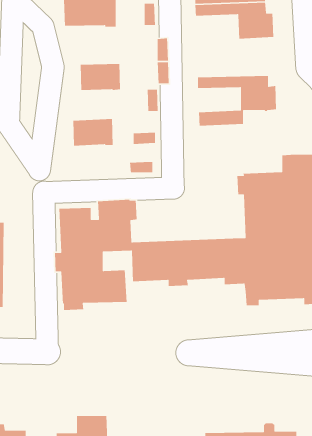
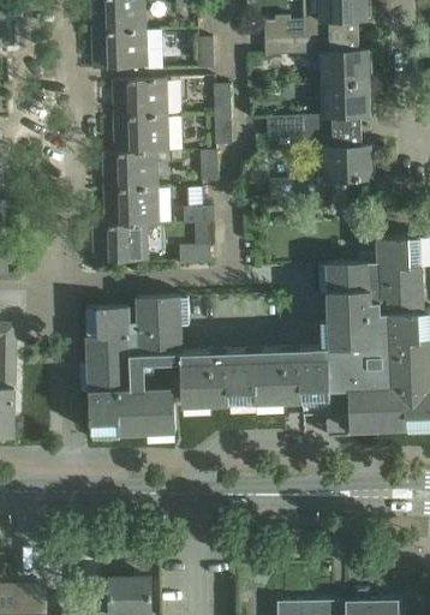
building: none -> [113,79,167,118]
building: none -> [267,83,370,135]
building: none -> [103,151,157,191]
building: none -> [94,223,148,262]

